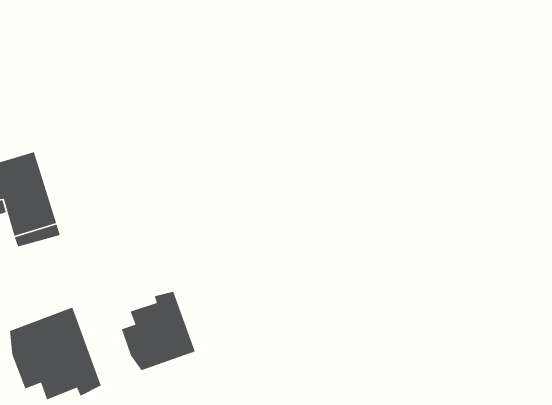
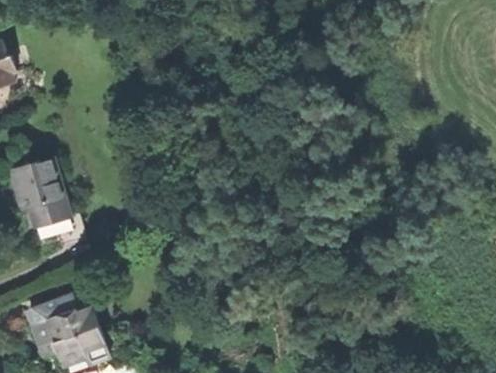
building: [121,291,196,371] -> none

